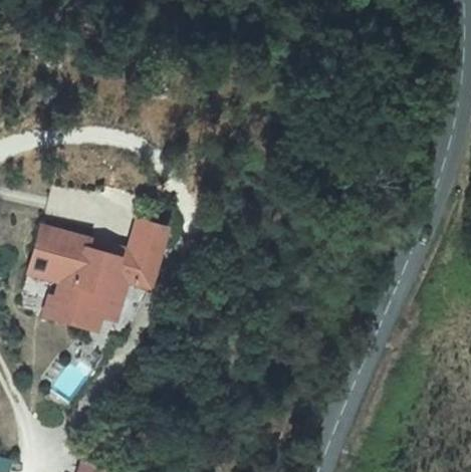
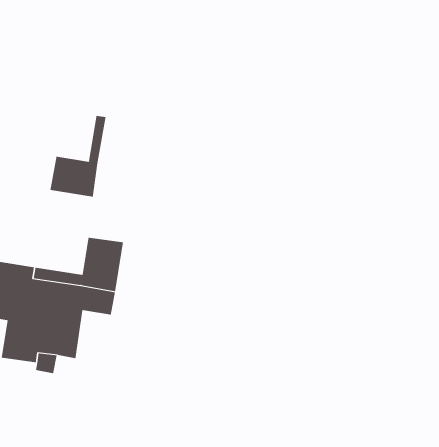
building: none -> [50,115,106,198]

